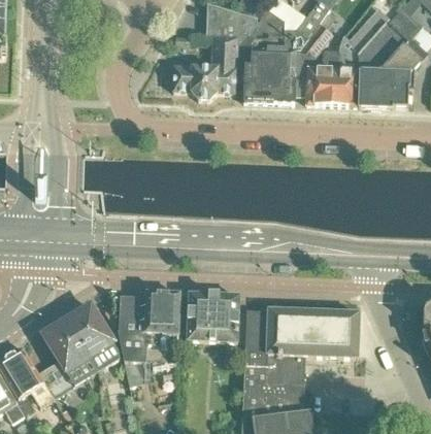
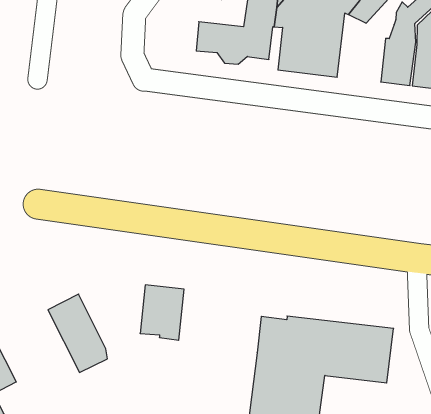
building: [306,48,339,103] -> none
building: [118,290,178,383] -> none
building: [187,292,246,341] -> none
building: [39,319,97,396] -> none

